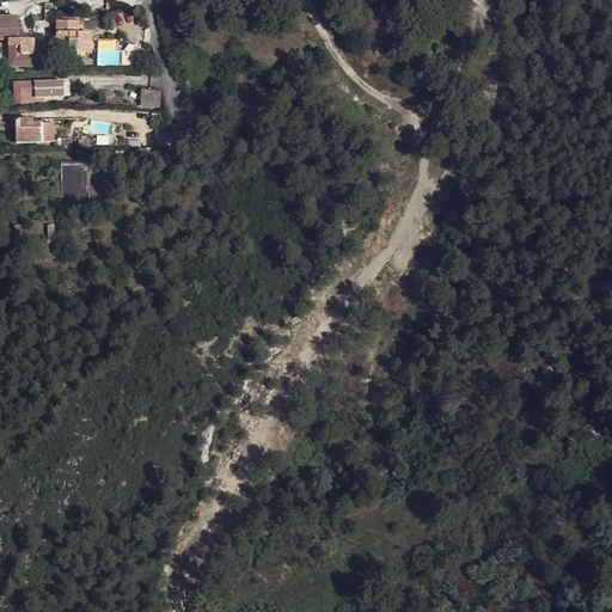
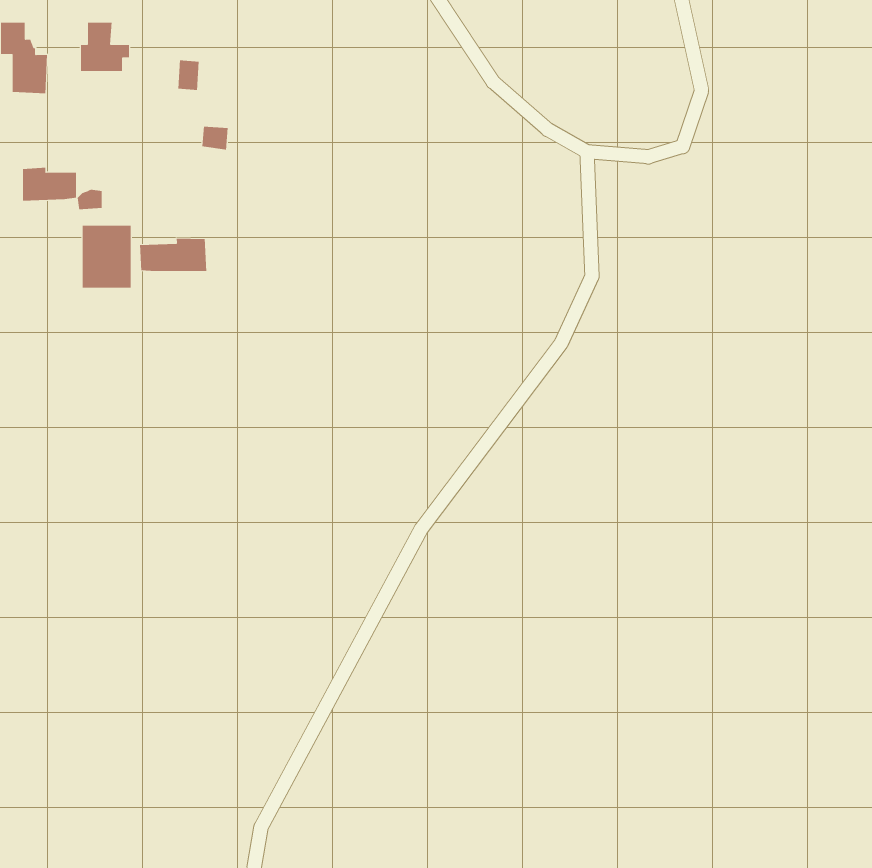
building: [10,79,63,102] -> none
building: none -> [139,238,207,272]

